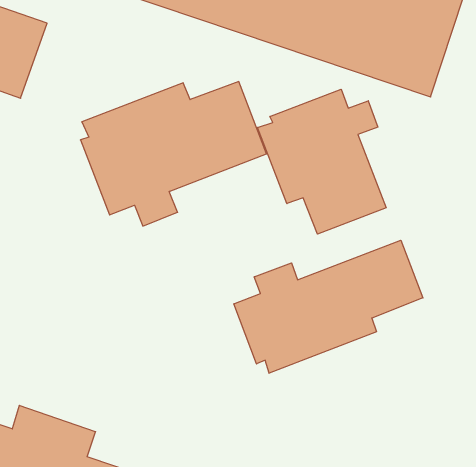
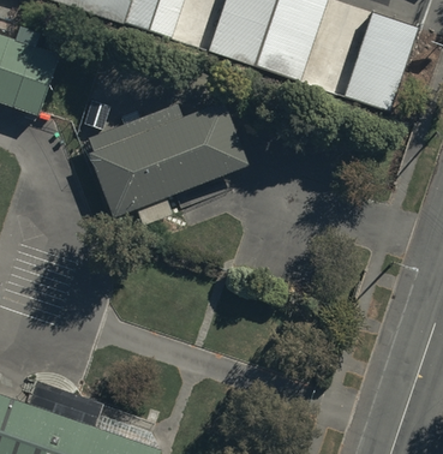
building: [258,89,386,234] -> none
building: [234,240,423,373] -> none

